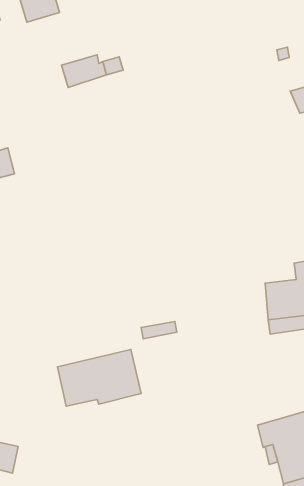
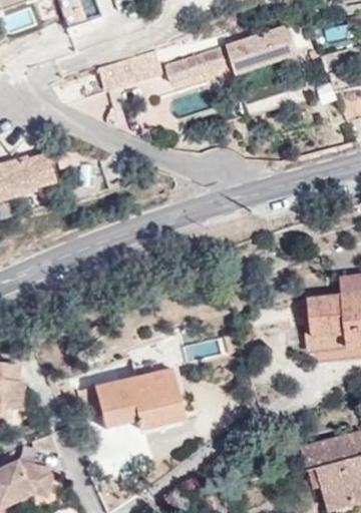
building: none -> [166,26,299,83]

